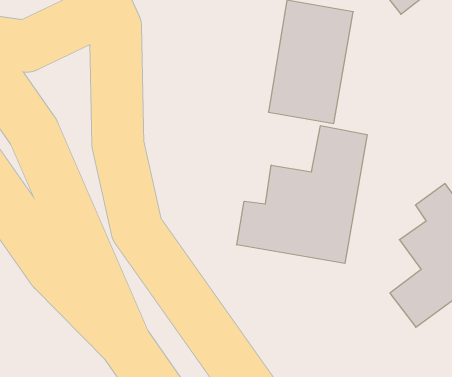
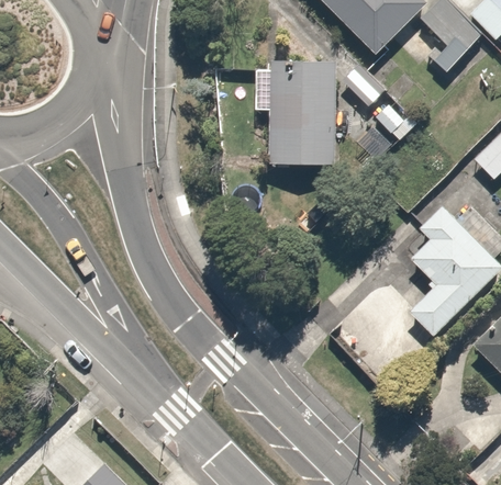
building: [237,126,367,263] -> none

